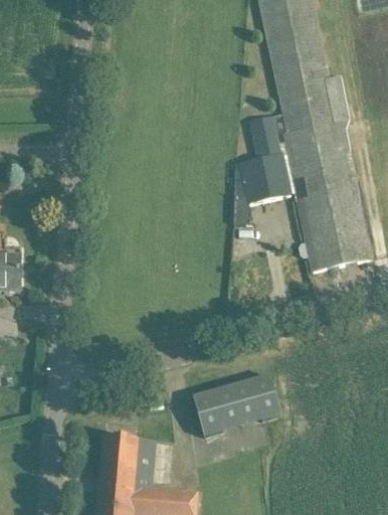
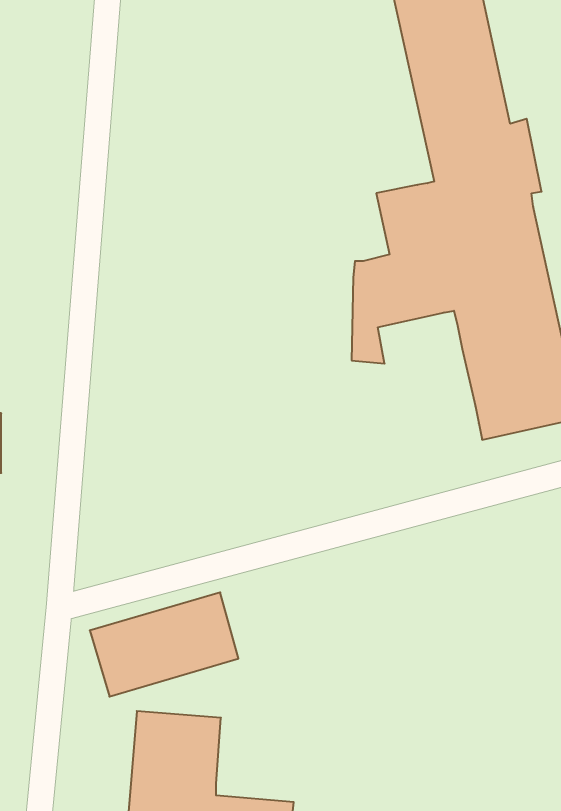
building: [190,374,280,438] -> [90,592,238,697]

